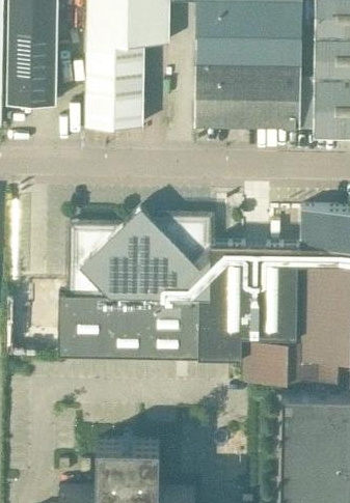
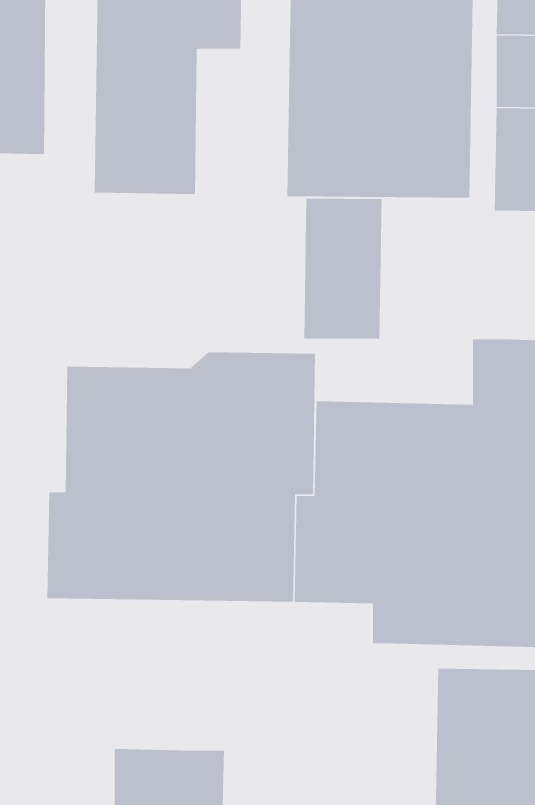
building: none -> [303,198,383,340]

